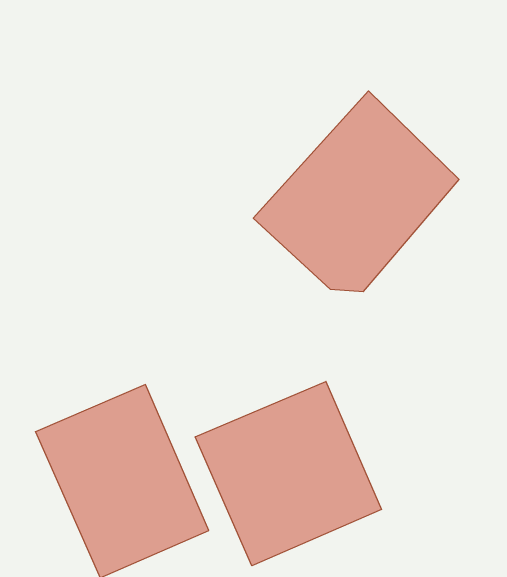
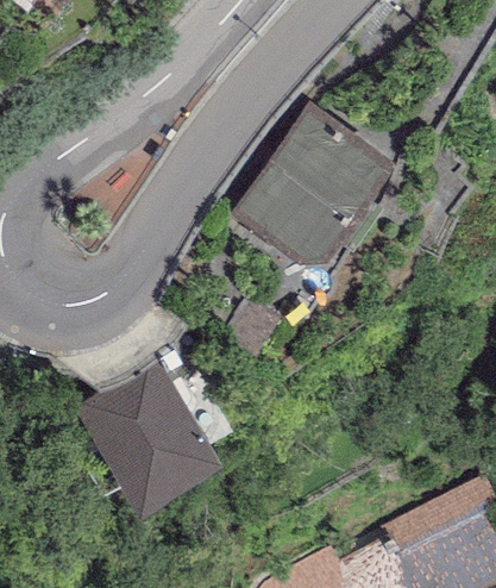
building: [195,381,381,566] -> none

